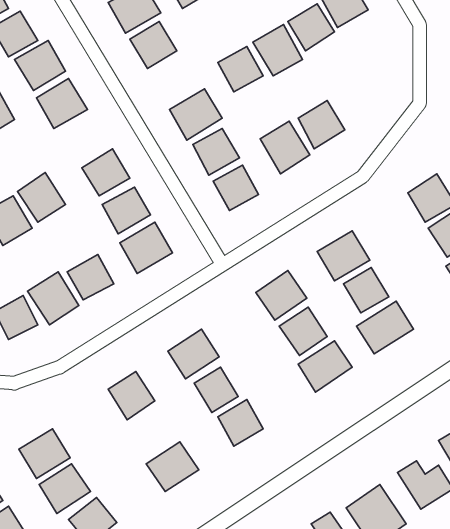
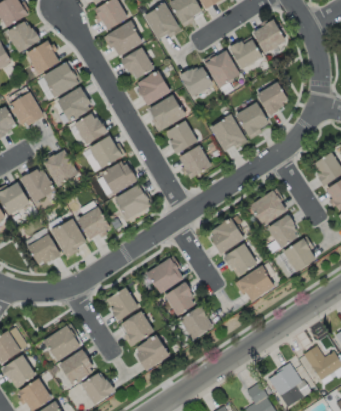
building: none -> [136,72,170,104]
building: none -> [259,82,289,111]
building: none -> [75,112,106,144]
building: none -> [117,311,154,346]

